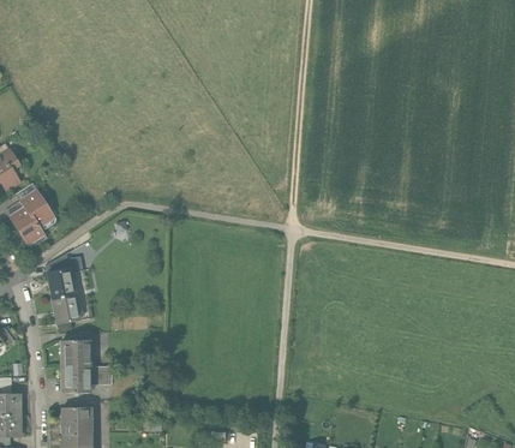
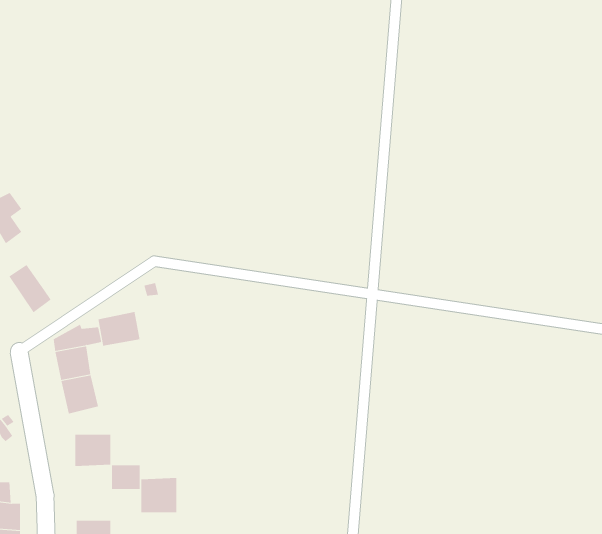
building: [20,191,54,228] -> none
building: none -> [98,311,140,346]
building: [61,365,90,393] -> [140,478,177,513]

